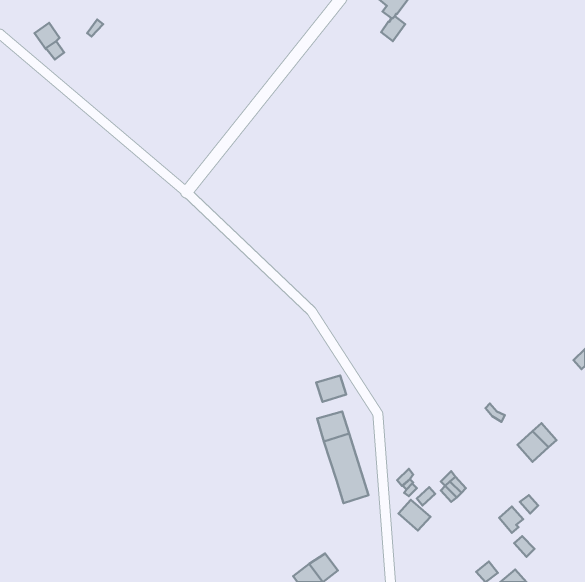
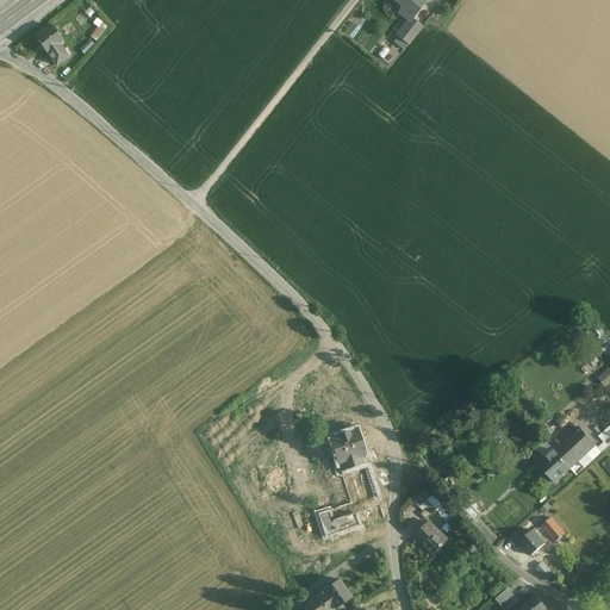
building: [316,375,346,402] -> none
building: none -> [564,425,596,459]
building: none -> [319,500,357,535]

